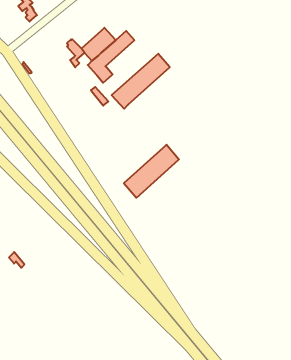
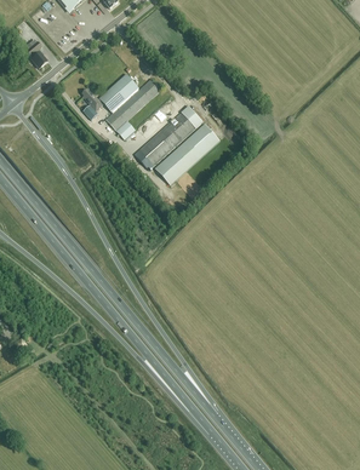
building: [124,145,179,198] -> [154,122,218,184]

